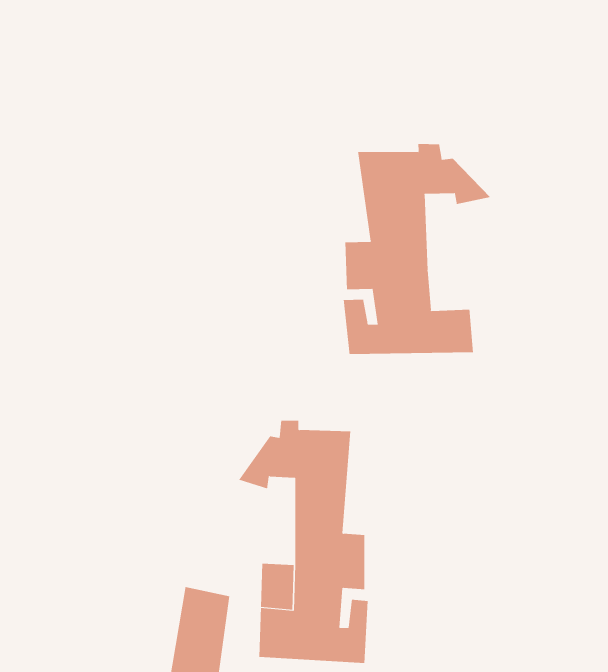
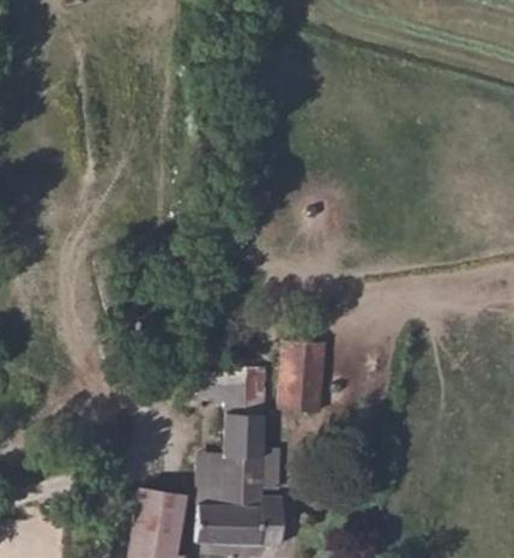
building: [343,143,491,355] -> none
building: none -> [278,338,327,413]

